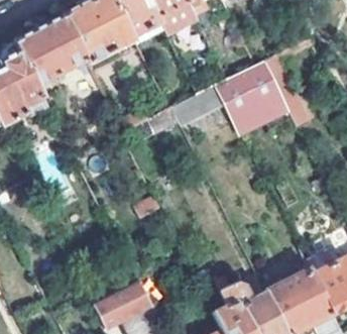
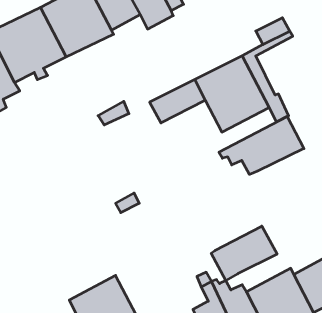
building: none -> [219,116,304,174]
building: none -> [211,226,277,281]

